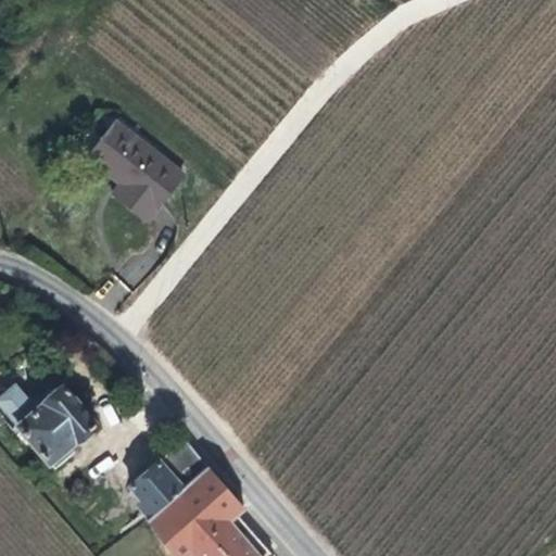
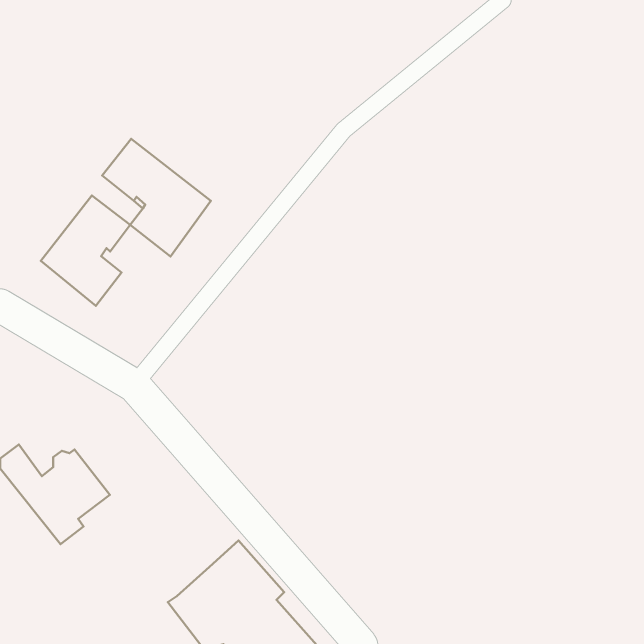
building: none -> [41,196,130,306]
building: [130,463,181,514] -> none

